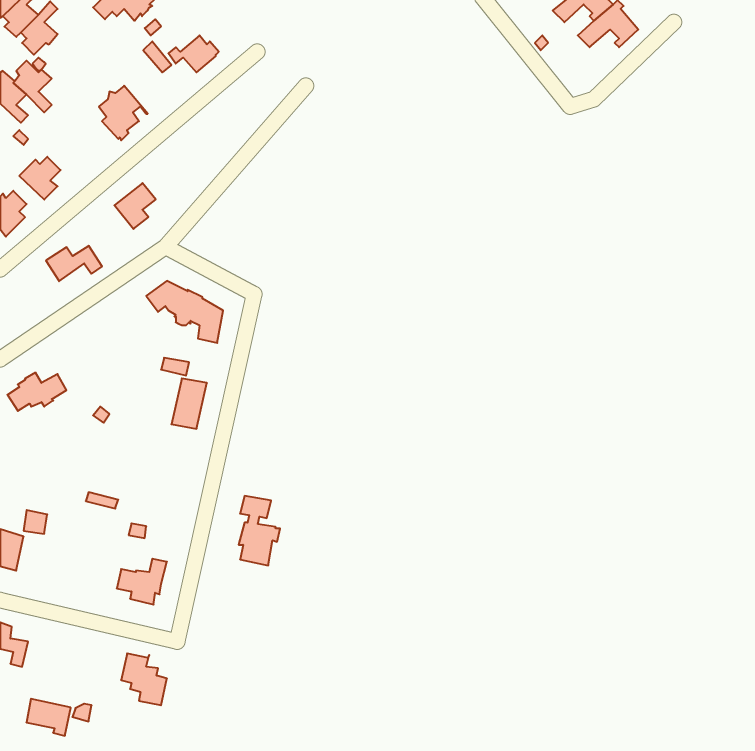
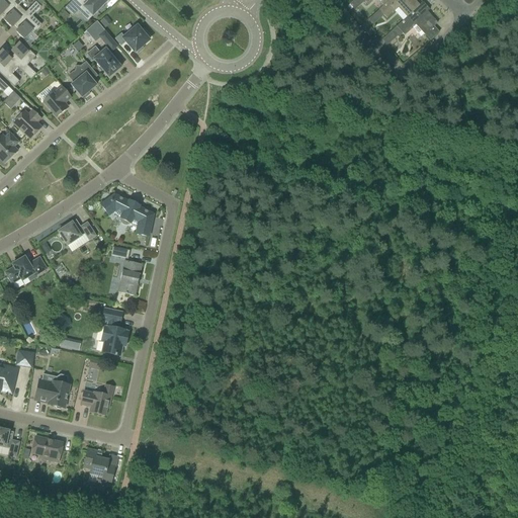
building: none -> [86,45,120,76]
building: [114,183,156,229] -> [42,84,71,115]
building: [46,246,102,281] -> [58,220,96,244]
building: [239,496,280,565] -> [100,307,128,354]
building: none -> [34,372,69,408]
building: [26,699,71,736] -> [31,435,62,460]

